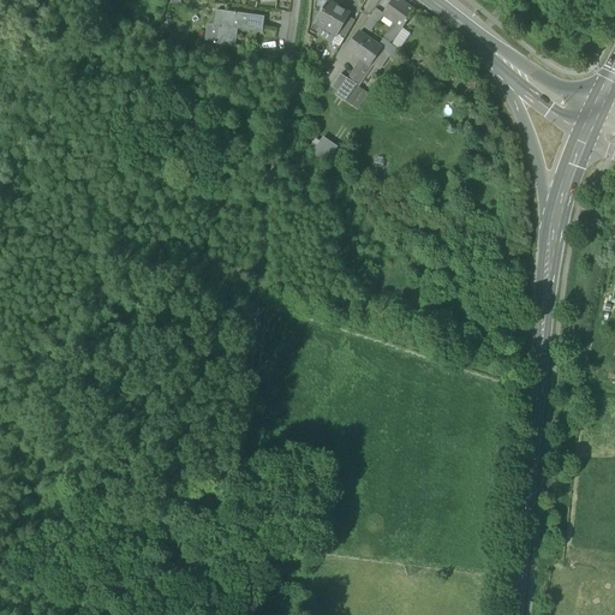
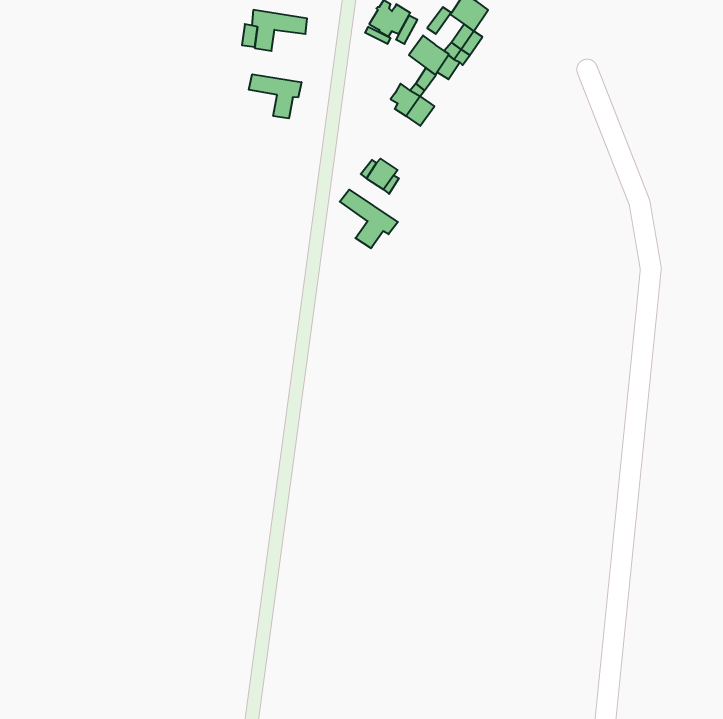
building: none -> [249,74,301,118]
building: none -> [340,190,398,248]

